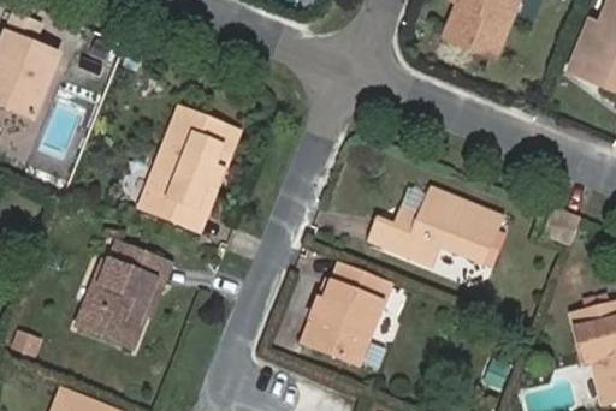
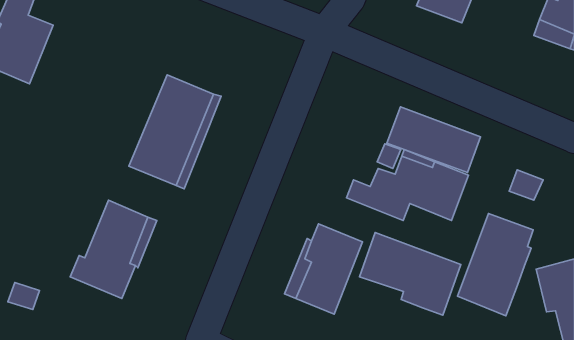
building: none -> [387,107,480,172]
building: none -> [457,213,533,316]
building: none -> [359,232,461,315]

